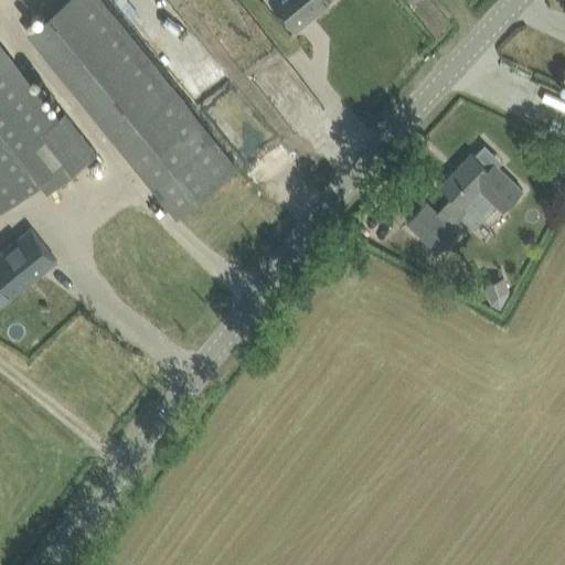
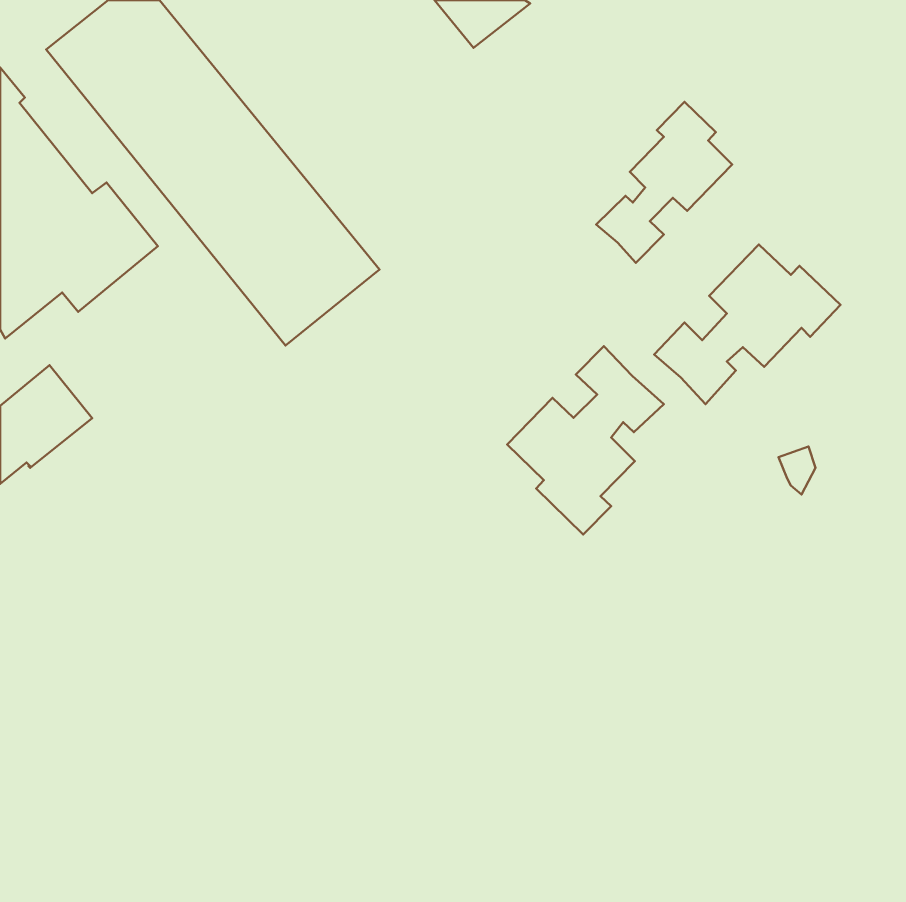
building: none -> [596,102,732,263]
building: none -> [507,346,664,534]

